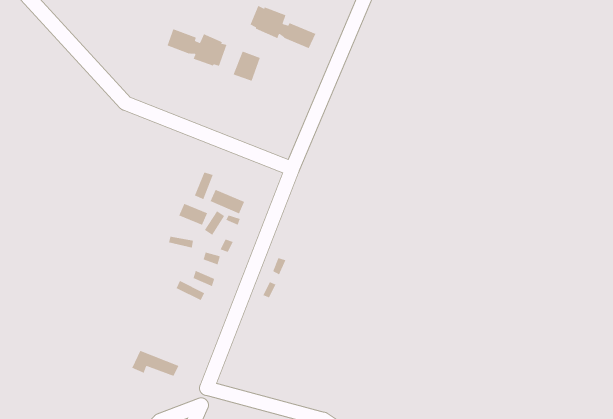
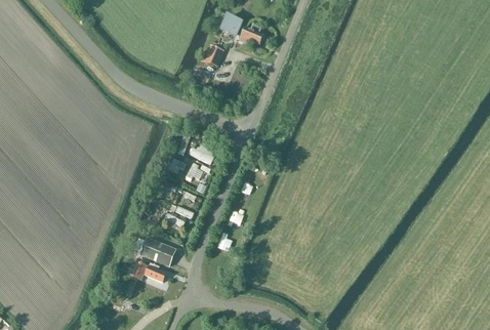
building: [167,28,228,67] -> none
building: none -> [140,237,177,266]

